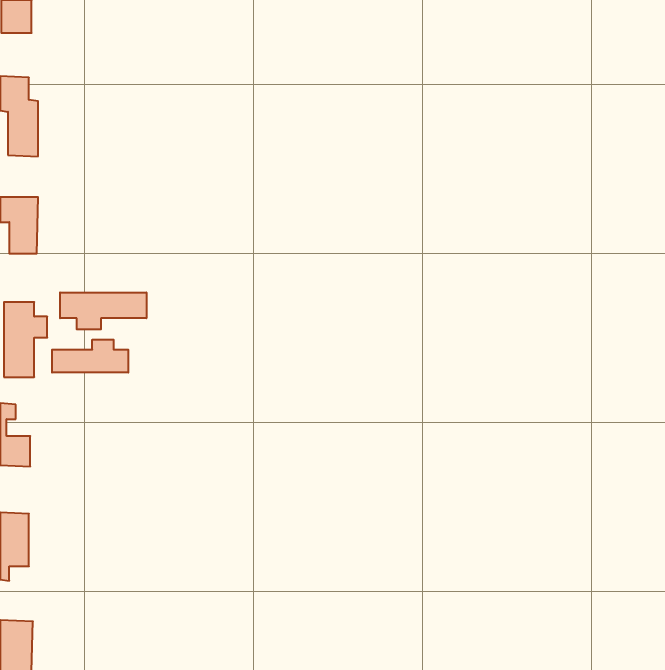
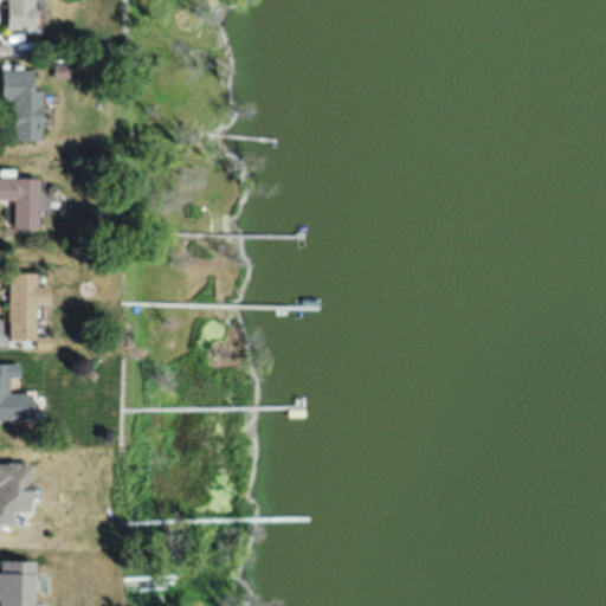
building: [60,292,146,329] -> none
building: [52,340,128,373] -> none

